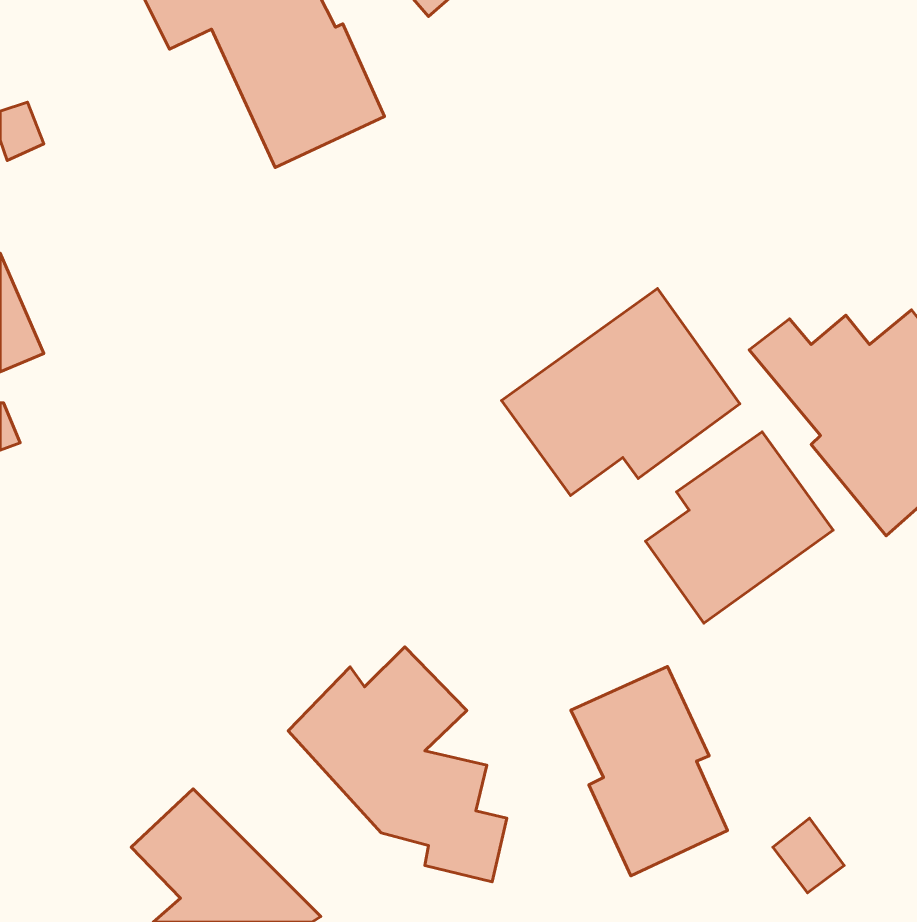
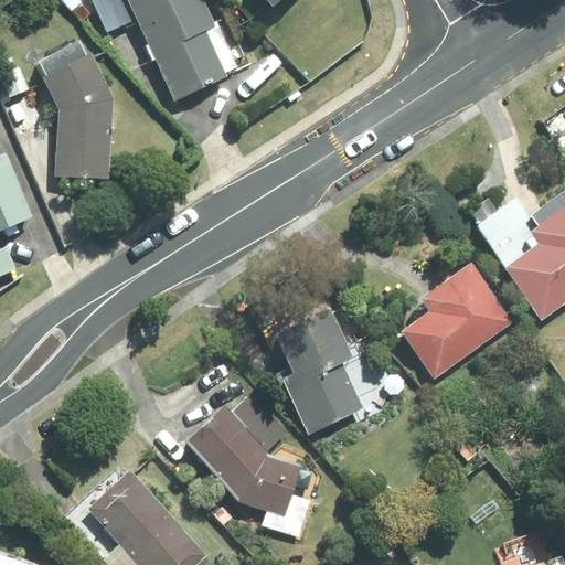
building: none -> [35,42,113,177]
building: [501,289,740,496] -> none
building: [571,666,728,876] -> [268,306,363,433]

